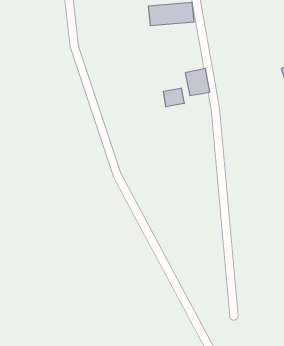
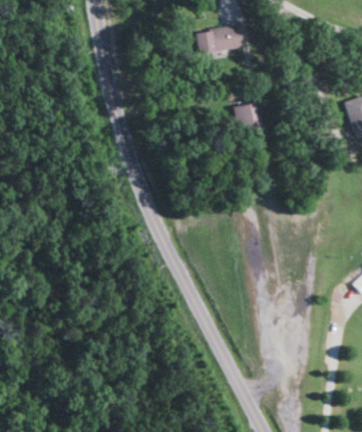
building: [164,88,184,107] -> none

